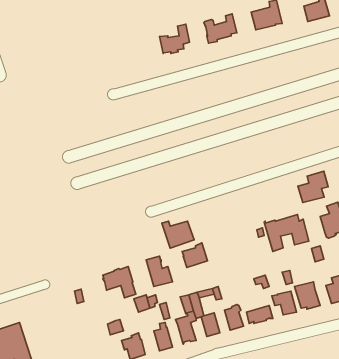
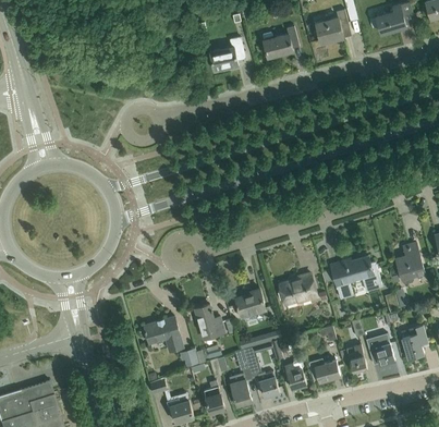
building: [298,171,328,203] -> none
building: [162,221,194,248] -> none
building: none -> [279,273,317,303]

